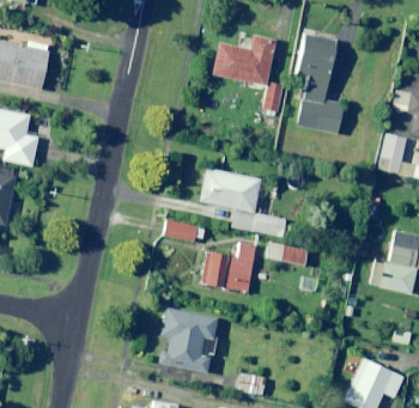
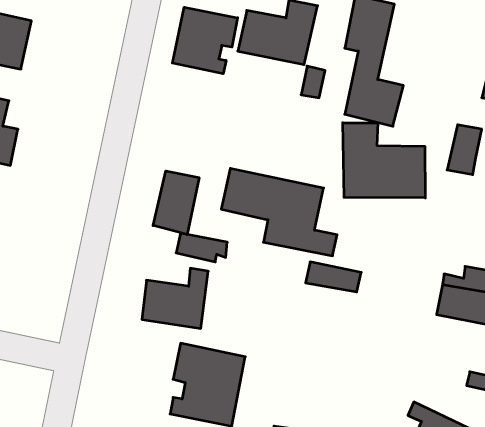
building: none -> [172,7,238,74]
building: none -> [343,123,425,198]
building: none -> [153,171,199,235]
building: [202,243,255,291] -> [142,268,208,328]

